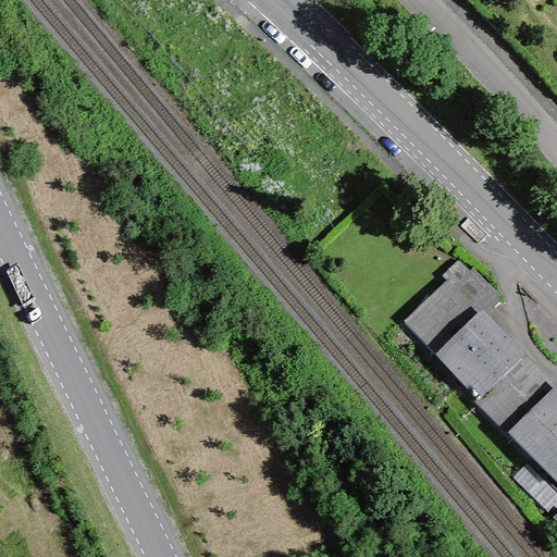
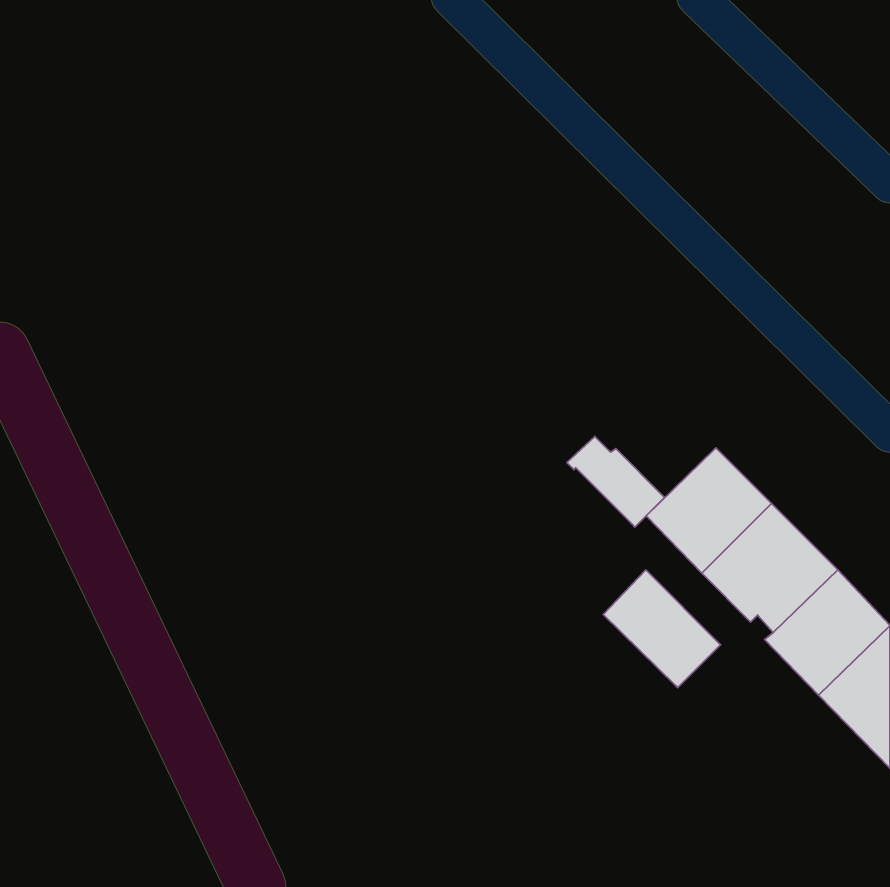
building: [442,260,503,317] -> [567,436,665,527]
building: none -> [603,570,721,688]

